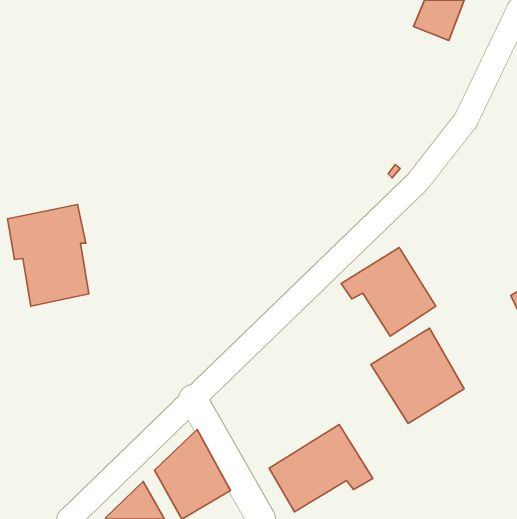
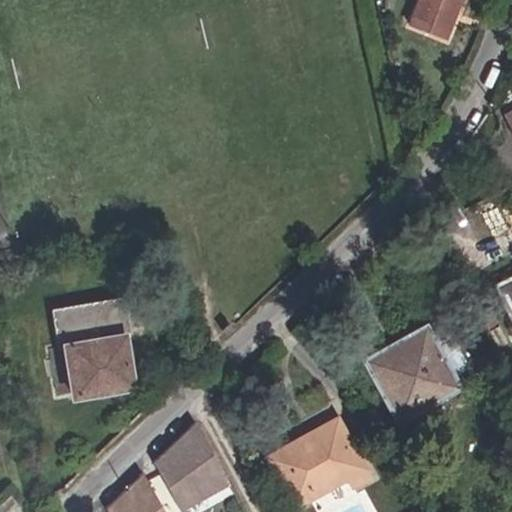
building: [8,205,89,306] -> [55,296,135,396]
building: [341,247,436,336] -> none

